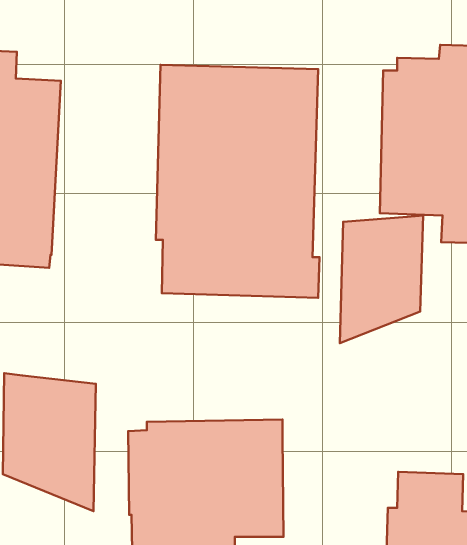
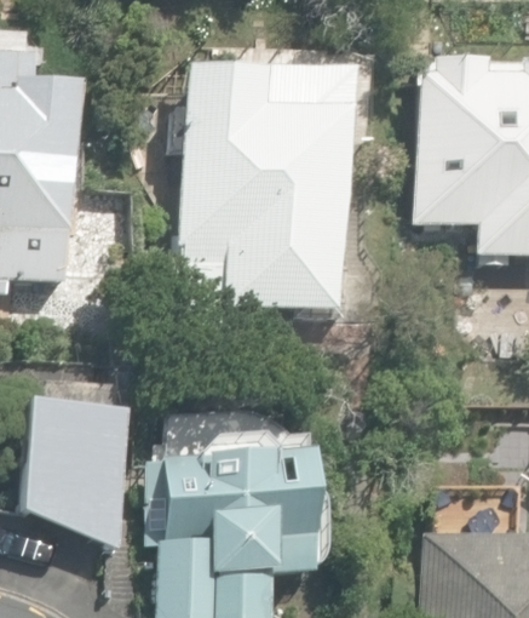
building: [340,215,423,343] -> none

